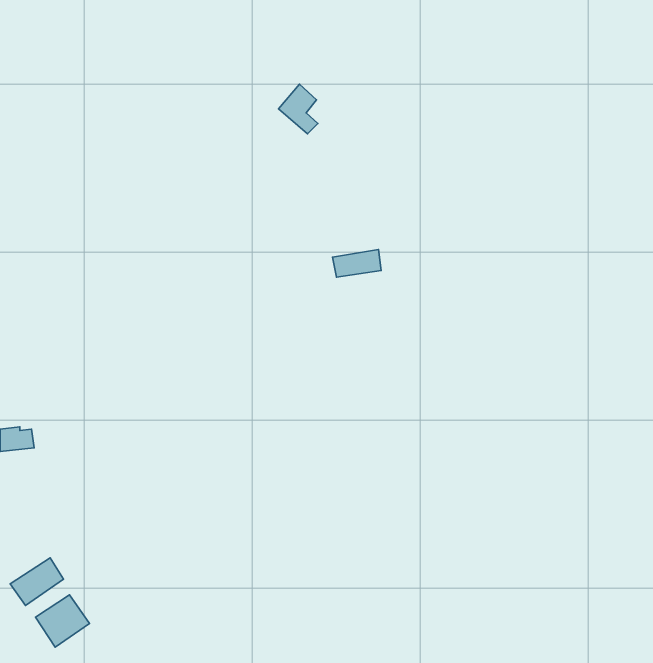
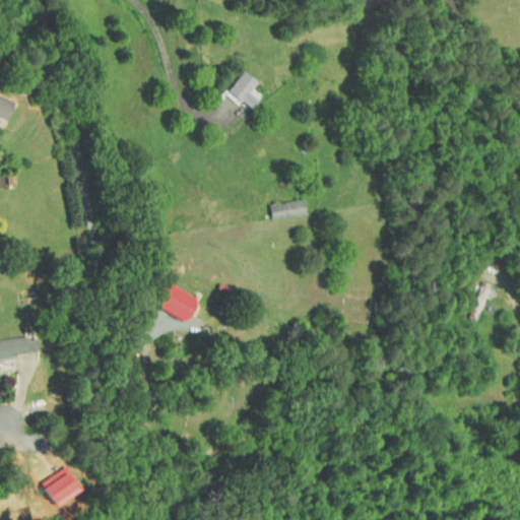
building: none -> [155,283,198,321]
building: [10,558,63,606] -> none

